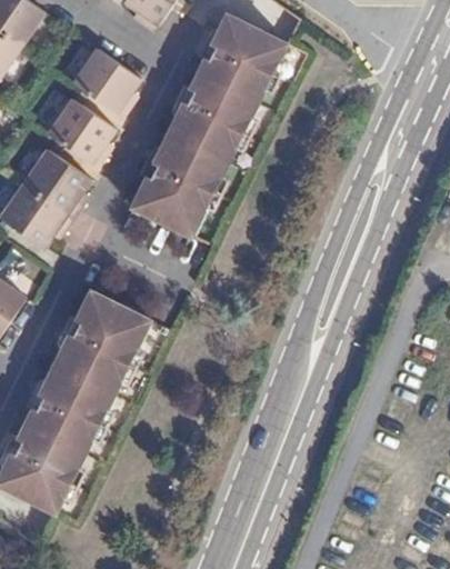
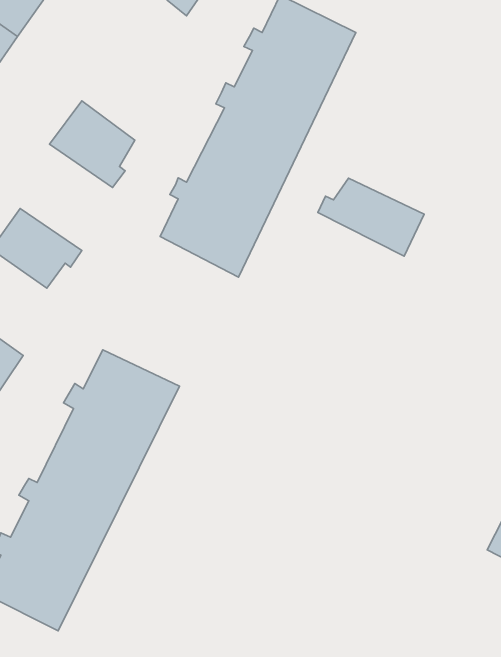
building: [73,47,139,114] -> none
building: [22,144,89,214] -> none
building: none -> [318,178,424,256]

